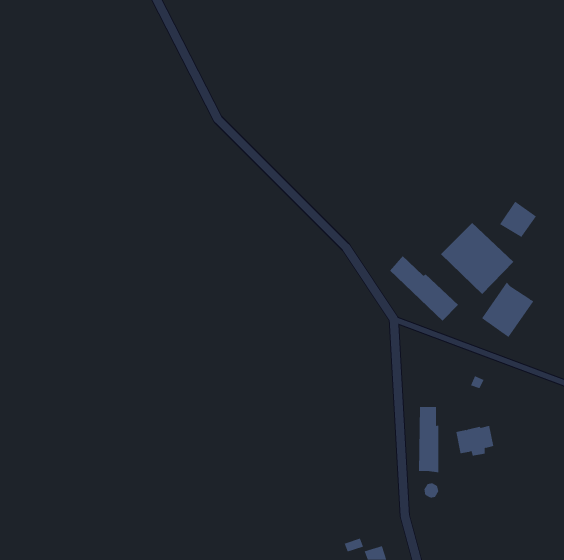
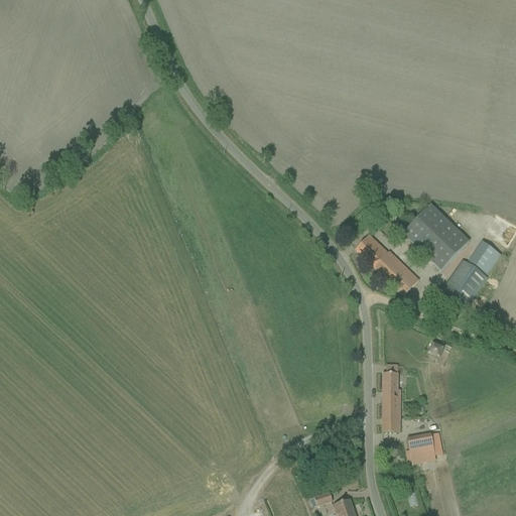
building: [499,201,537,238] -> [468,239,502,273]
building: [455,425,494,456] -> [407,431,442,460]

